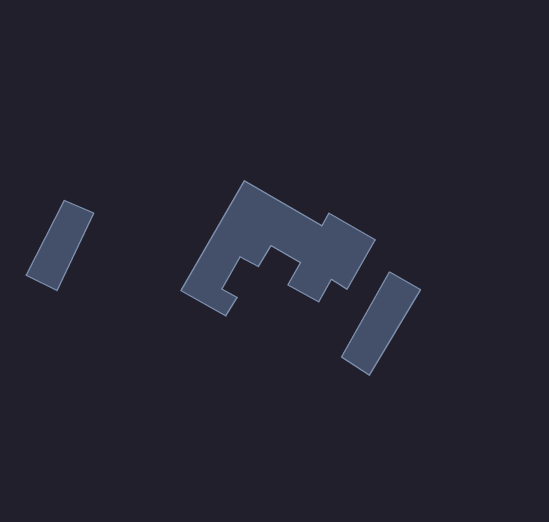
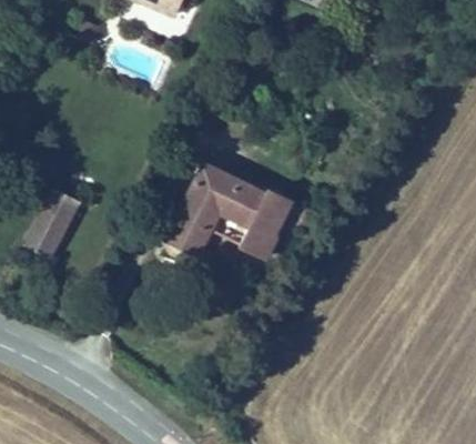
building: [342,272,420,375] -> none

